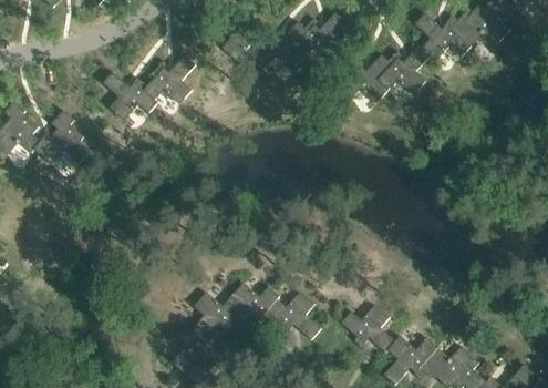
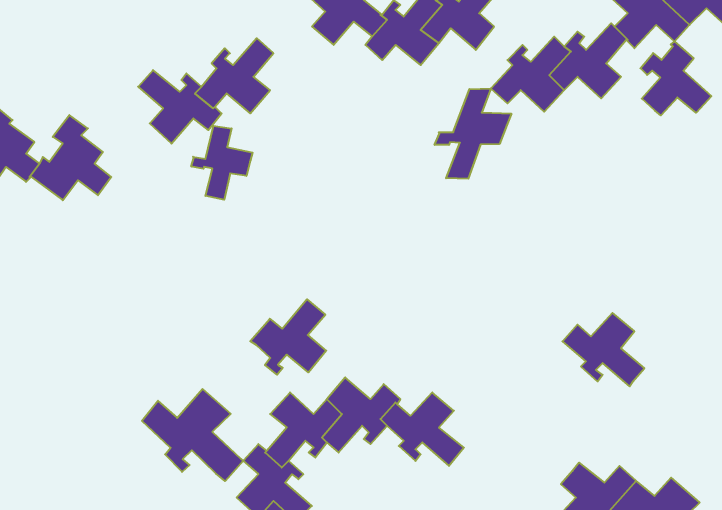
building: none -> [640,42,711,115]
building: none -> [435,88,511,179]
building: none -> [191,126,253,200]
building: none -> [250,299,326,375]
building: none -> [142,389,243,481]
building: [340,305,394,354] -> [562,313,644,386]

